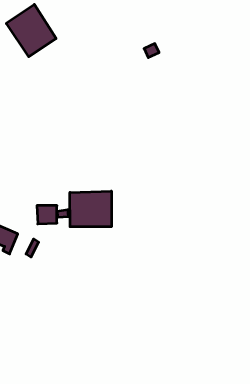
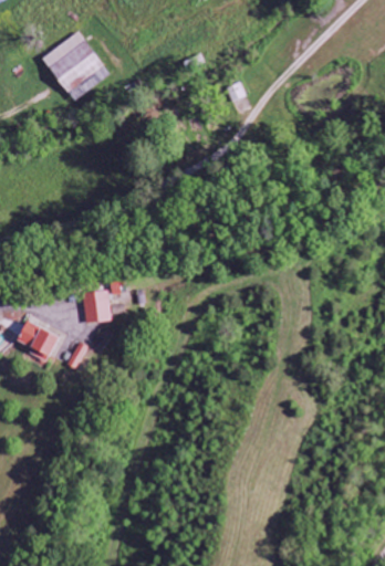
building: [70,191,111,227] -> none

